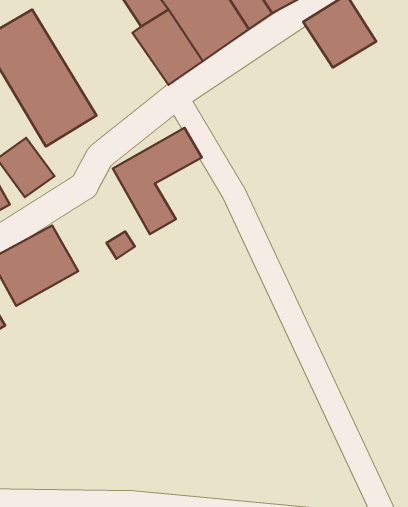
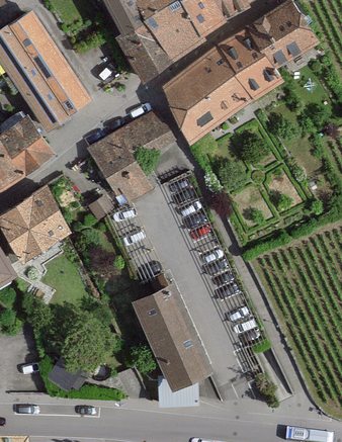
building: none -> [162,33,277,135]
building: none -> [134,286,212,390]

